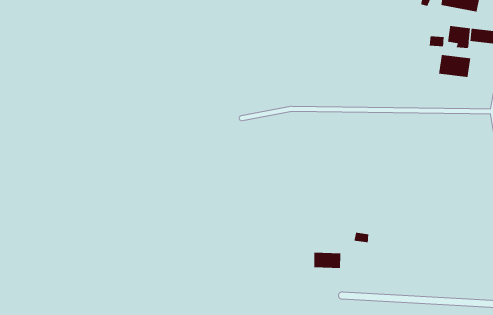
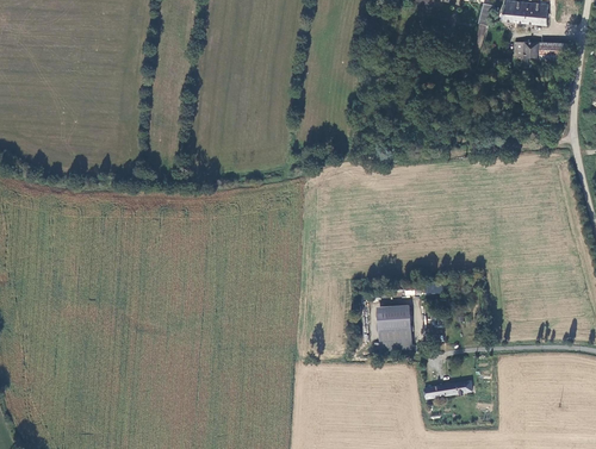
building: [438,54,471,78] -> none
building: none -> [380,323,411,345]

